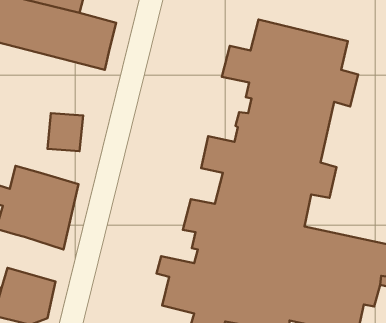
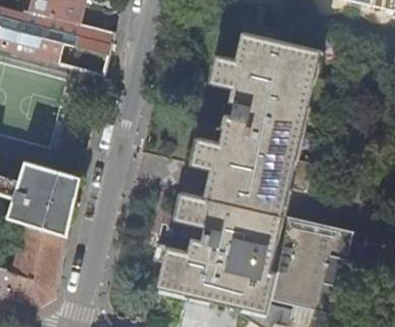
building: none -> [15,223,66,265]

